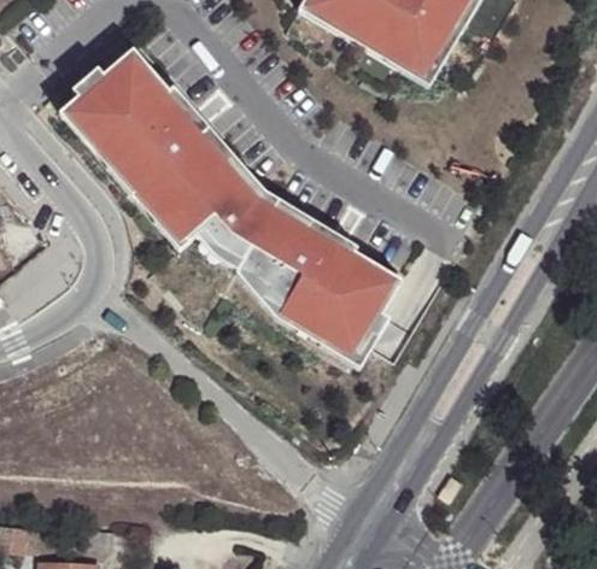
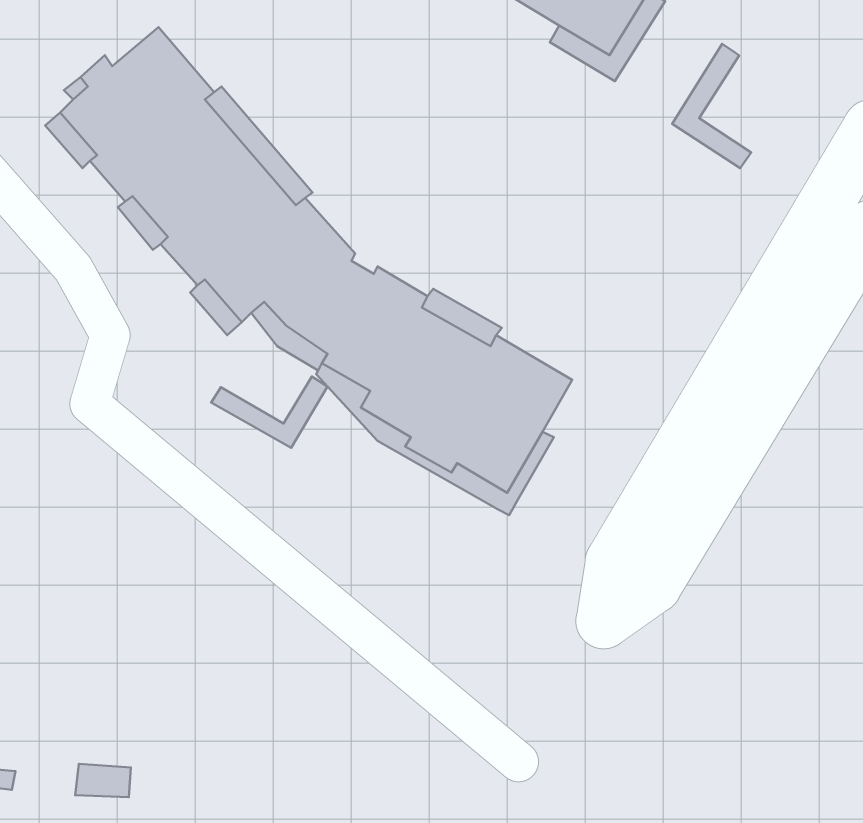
building: none -> [672,44,751,168]
building: none -> [211,377,328,448]

